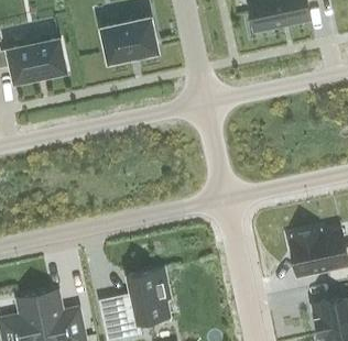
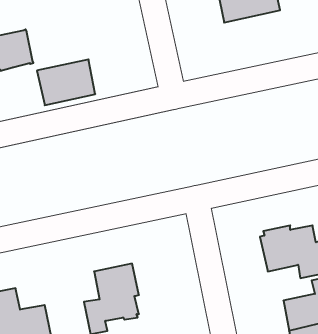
building: [100,18,157,63] -> [37,59,95,105]

